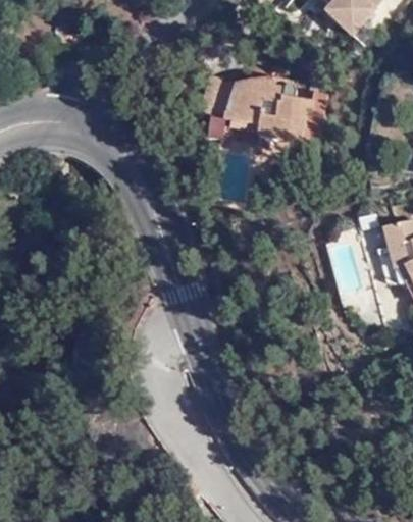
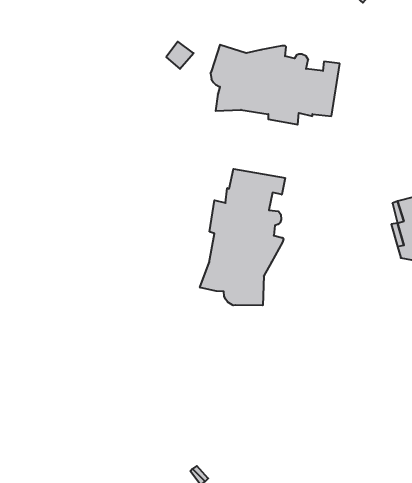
building: none -> [200,169,285,305]

